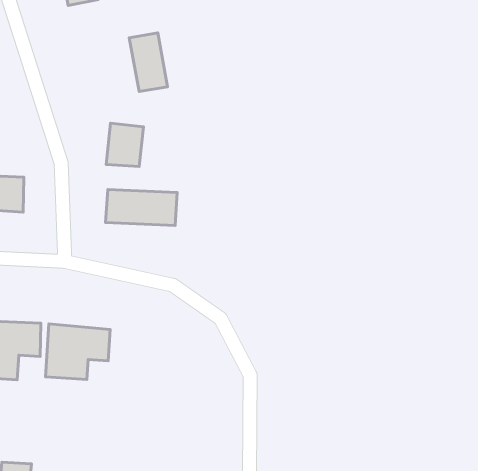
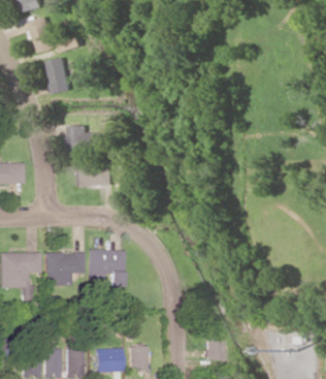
building: [129,33,168,92] -> [51,57,76,94]
building: none -> [87,249,124,287]

